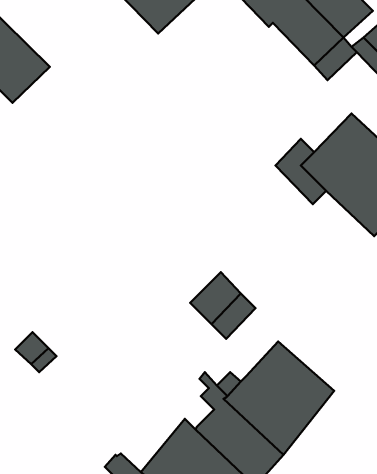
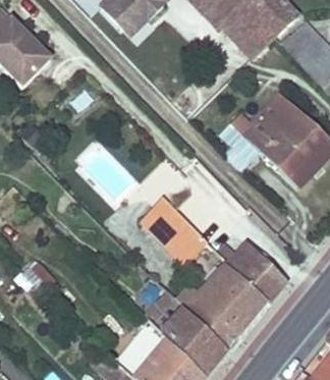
building: none -> [140,197,180,238]
building: none -> [217,243,285,306]

